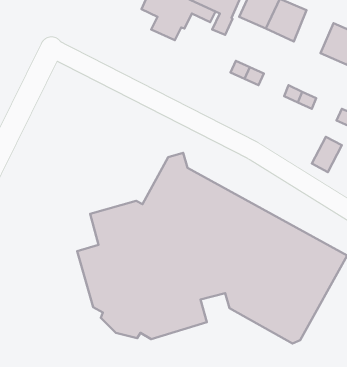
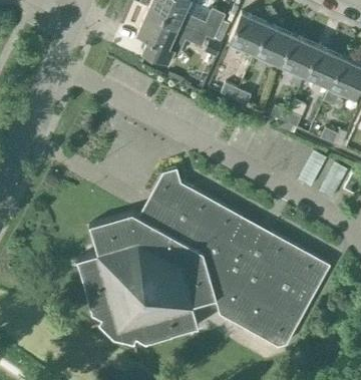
building: none -> [280,36,317,76]

